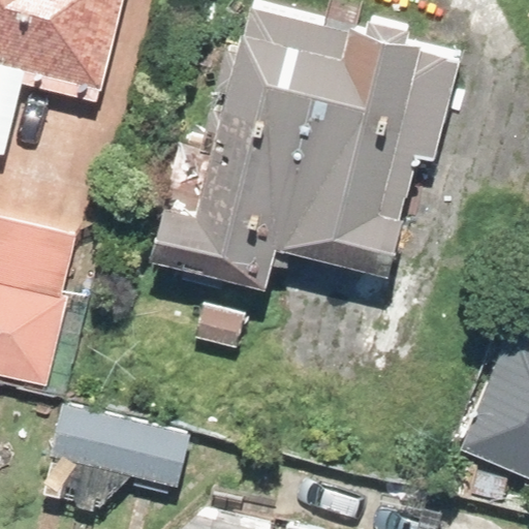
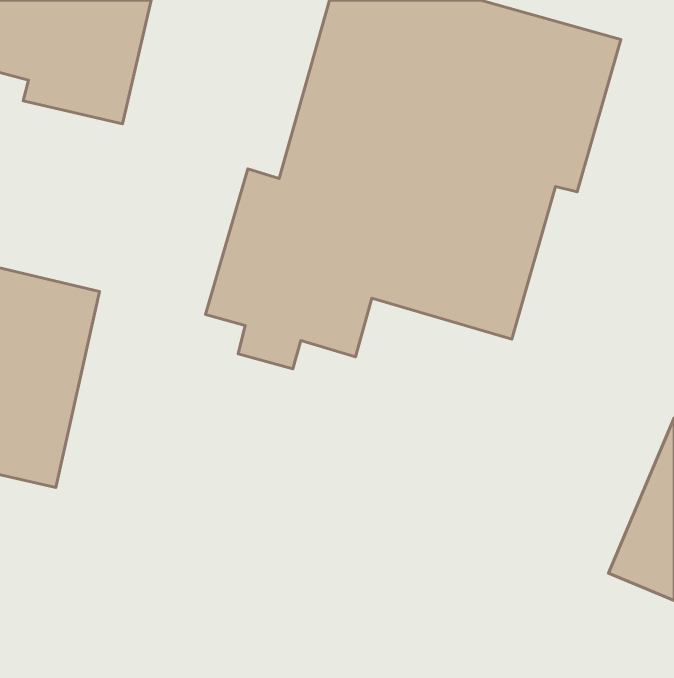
building: [34,404,187,516] -> none

